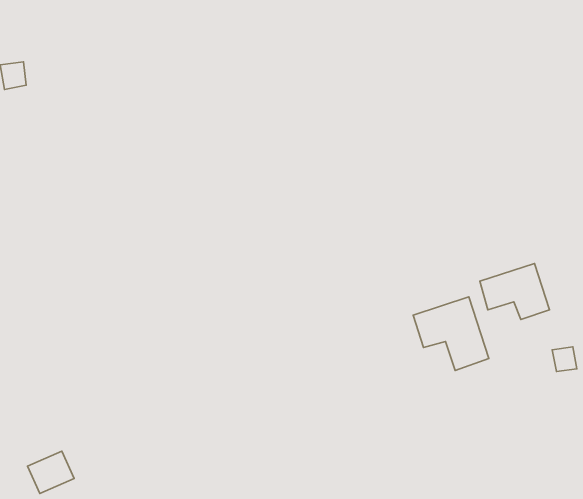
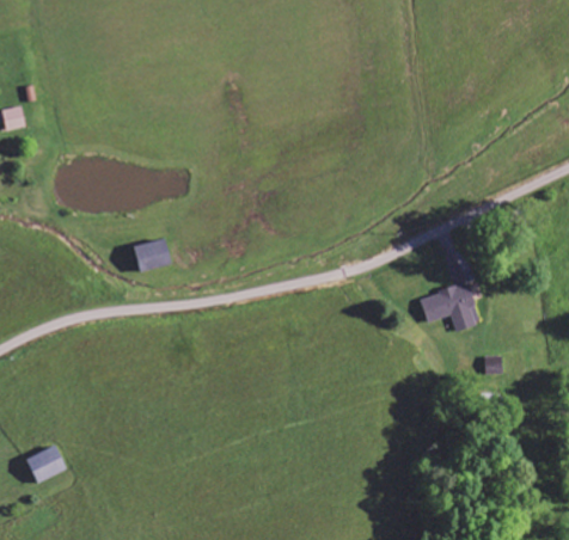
building: none -> [134,239,171,271]
building: [413,297,489,371] -> none

